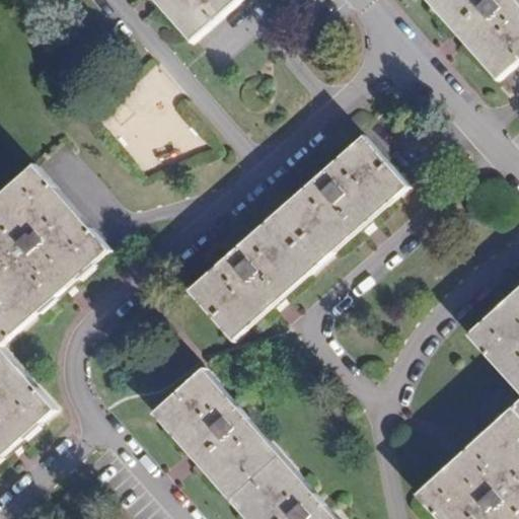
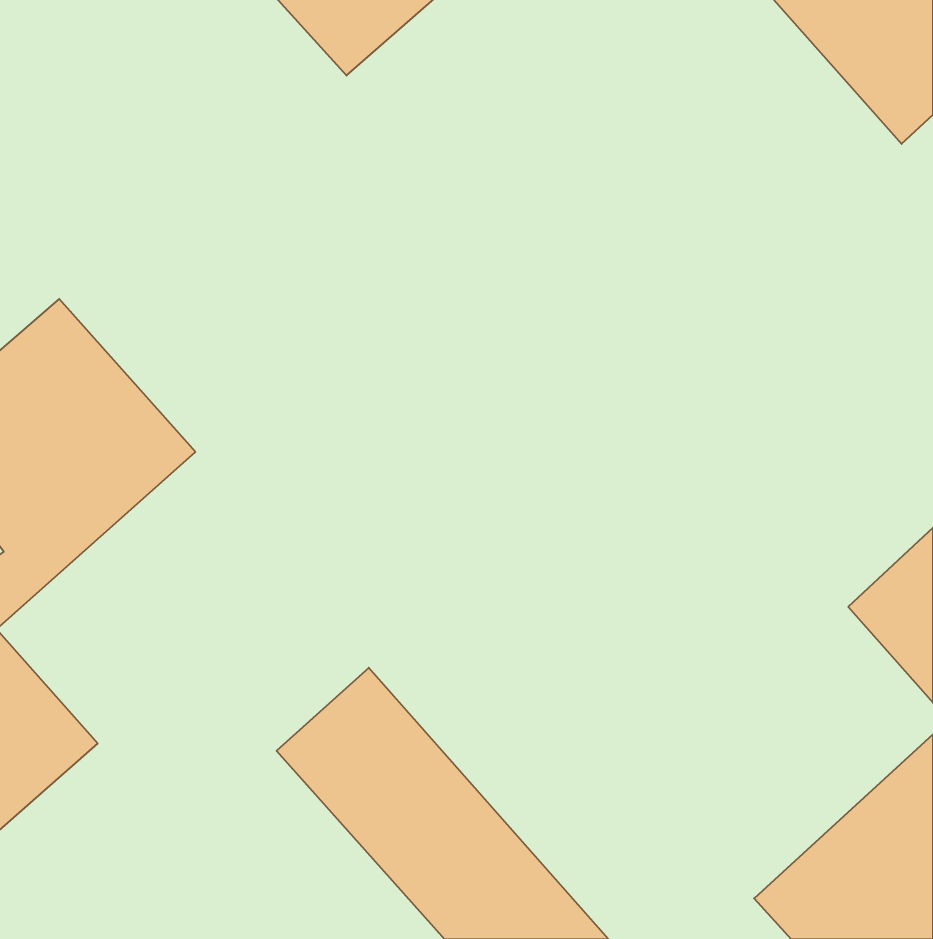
building: [188,135,407,341] -> none

